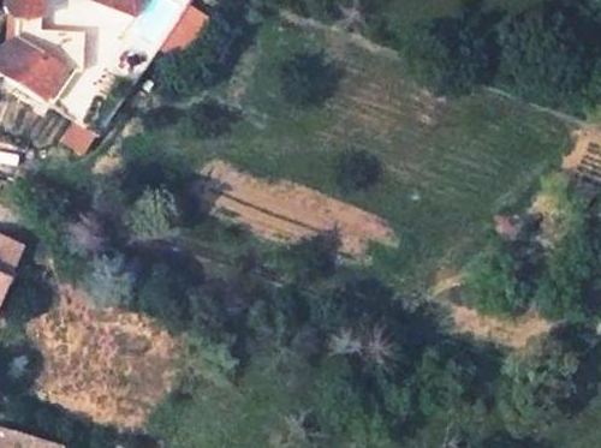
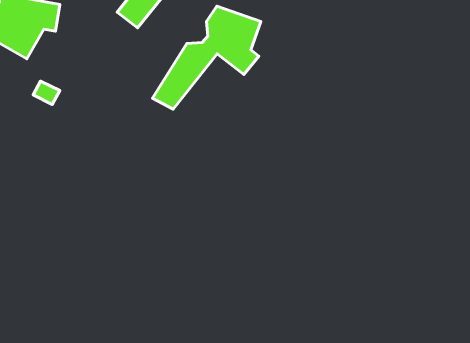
building: none -> [152,6,261,109]

